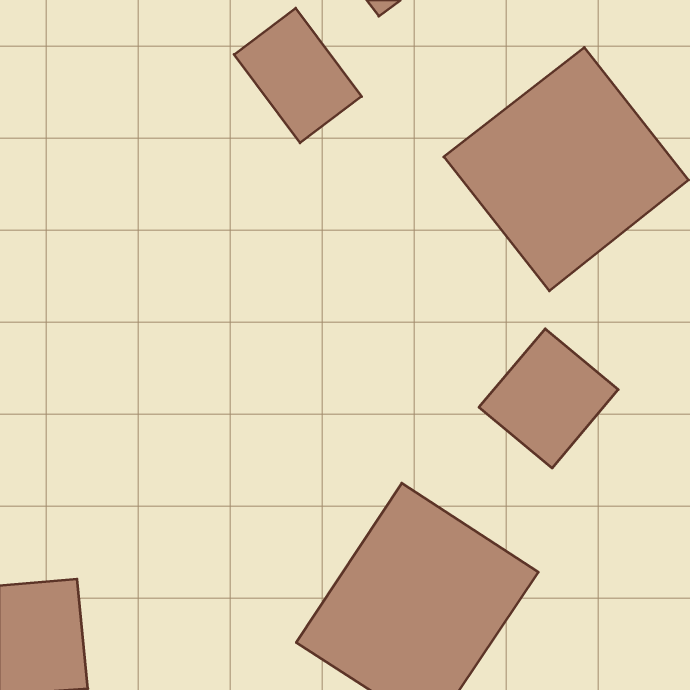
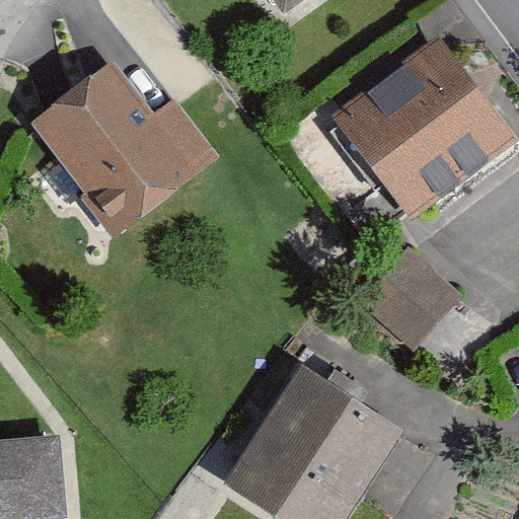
building: [234,8,362,143] -> none
building: none -> [30,60,218,235]

